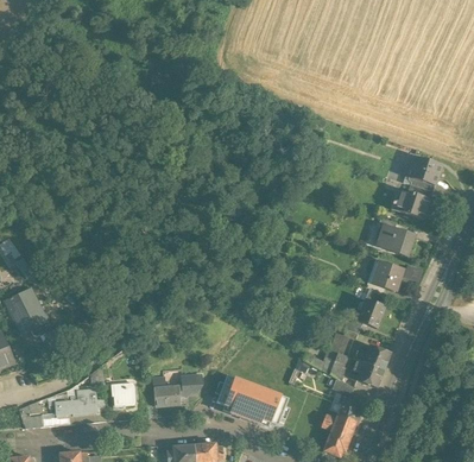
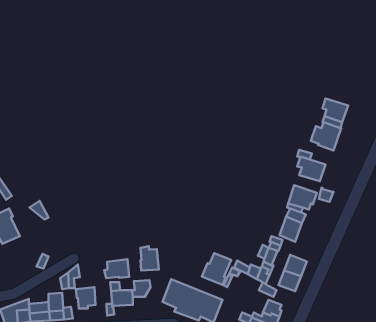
building: none -> [141,246,159,270]
building: none -> [202,253,231,285]
building: none -> [104,259,129,278]

